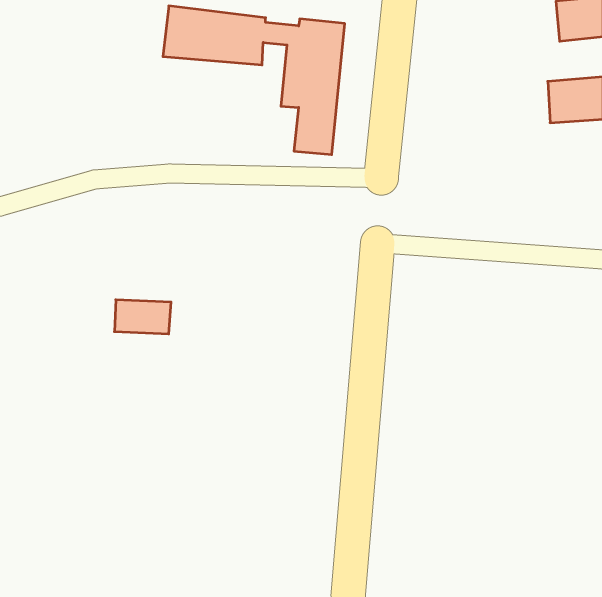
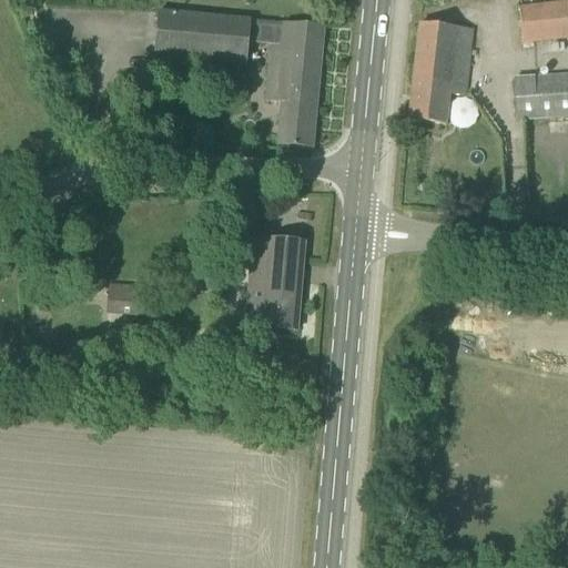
building: none -> [408,20,471,121]
building: none -> [232,234,305,327]

